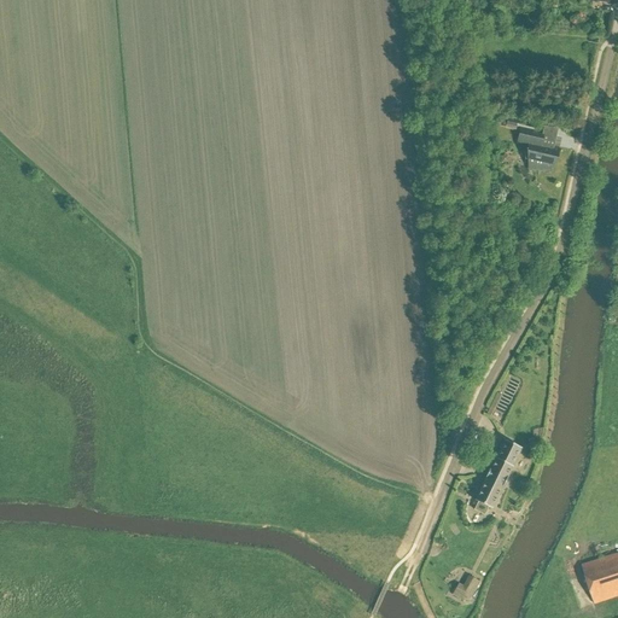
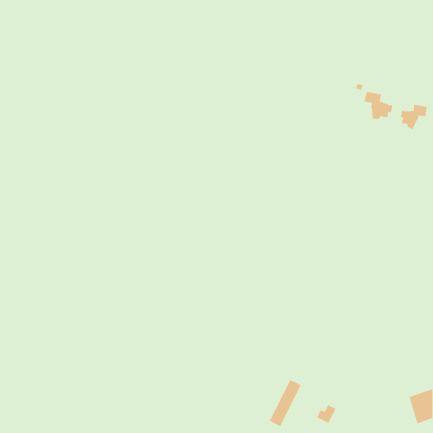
building: none -> [400,104,428,130]
building: [474,441,521,509] -> [269,379,302,427]

